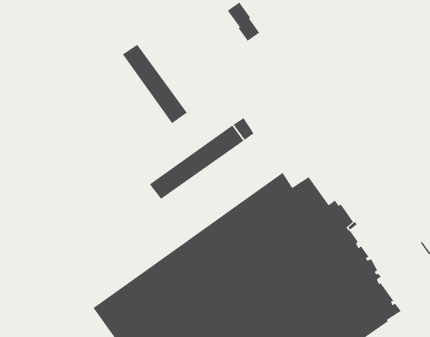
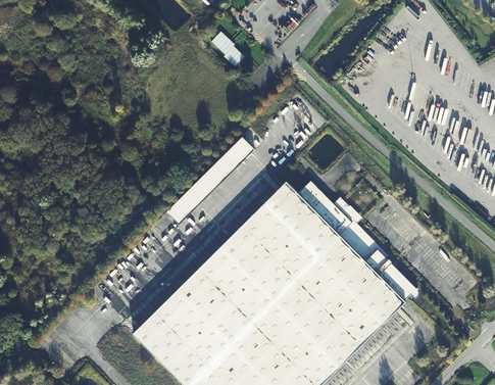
building: [122,44,188,124] -> none

